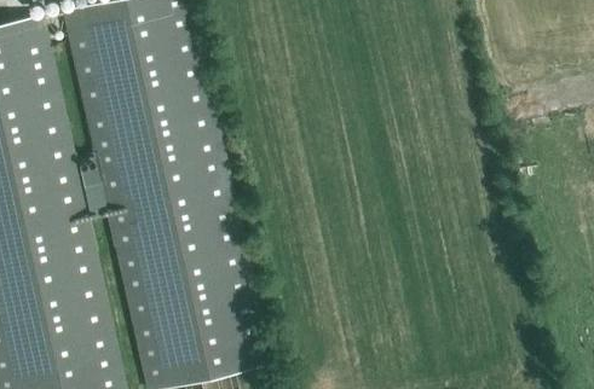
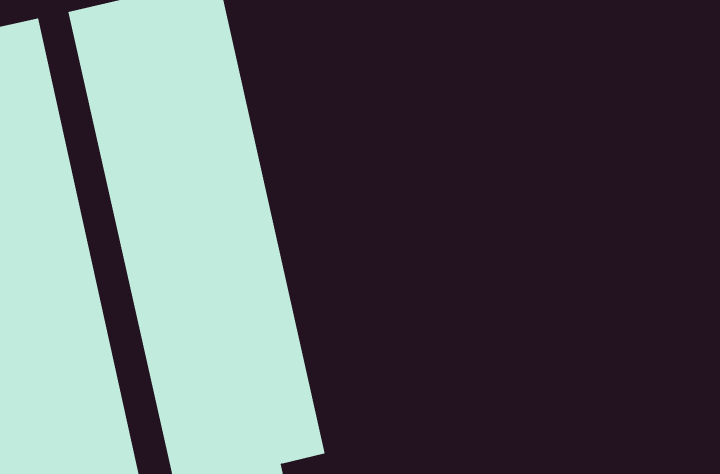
building: [75,156,109,220] -> none

